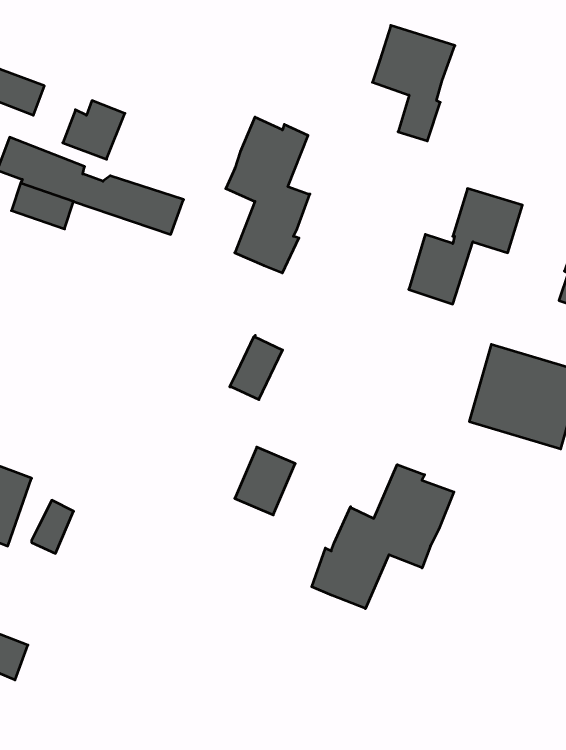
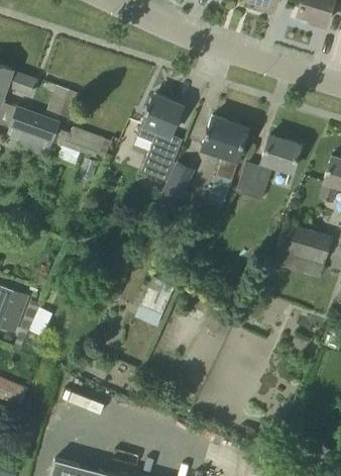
building: [372,25,455,141] -> [203,116,248,180]
building: [230,335,283,400] -> [164,162,194,197]
building: [312,465,454,609] -> none

